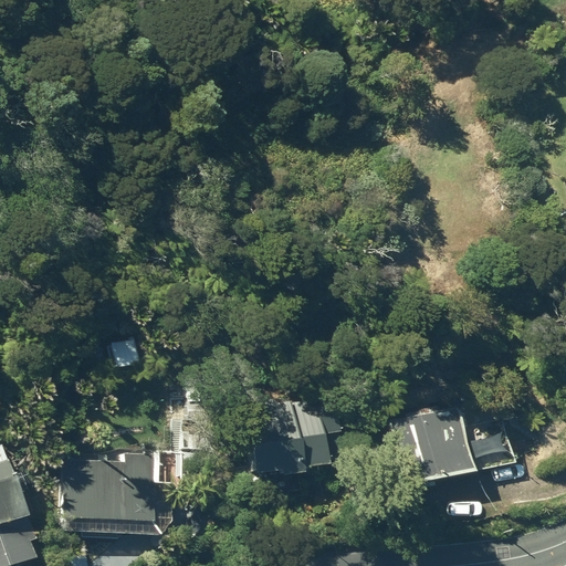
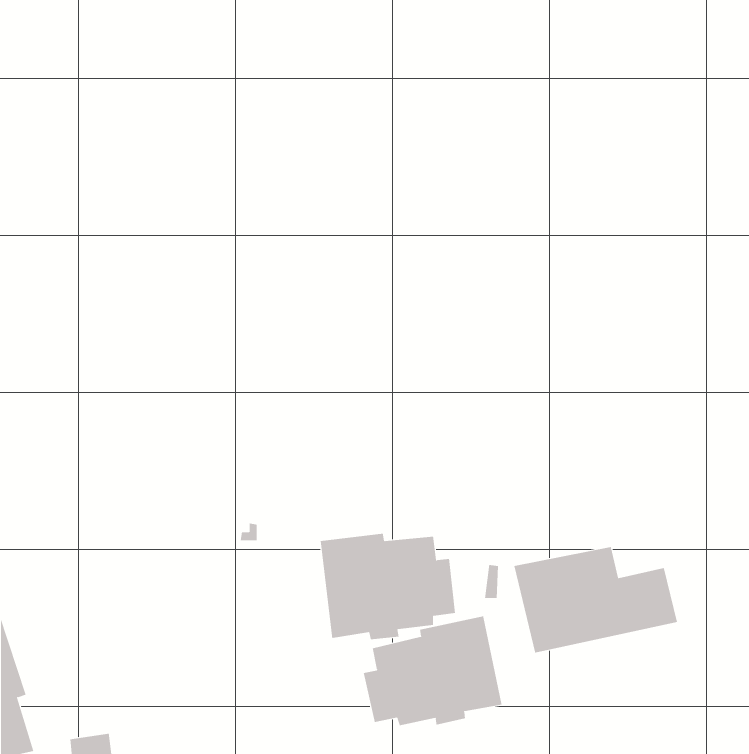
building: [61,457,157,525] -> none
building: none -> [363,615,502,726]

